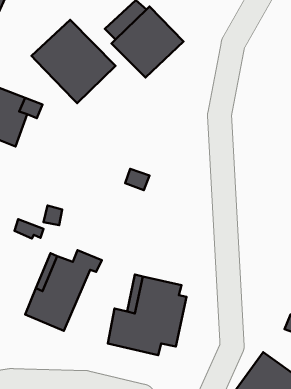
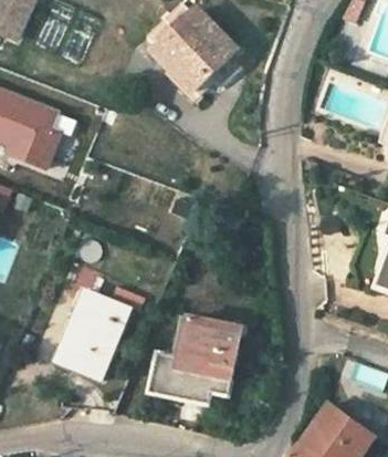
building: [32,20,116,103] -> none

